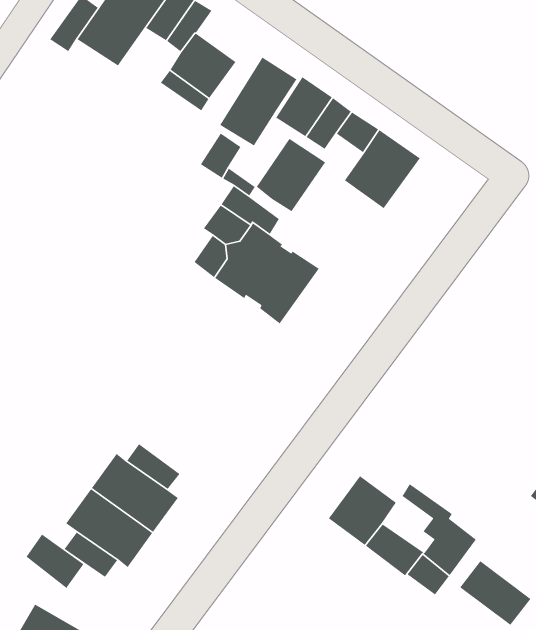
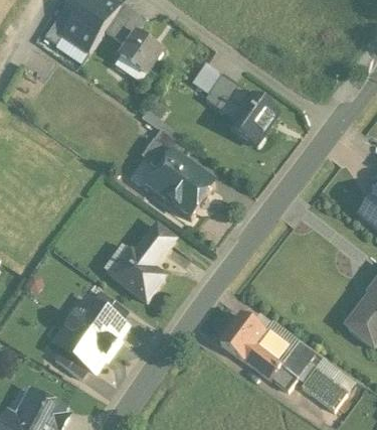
building: [219,56,298,146] -> none
building: [256,138,326,212] -> none
building: none -> [113,224,175,300]
building: [26,533,84,589] -> none

